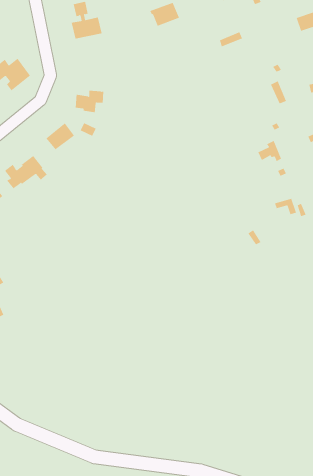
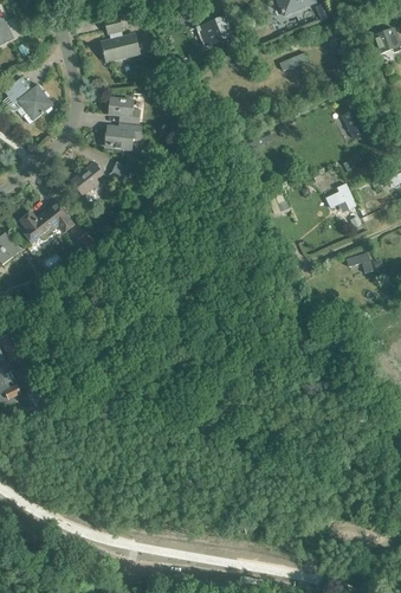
building: none -> [109,97,141,123]

